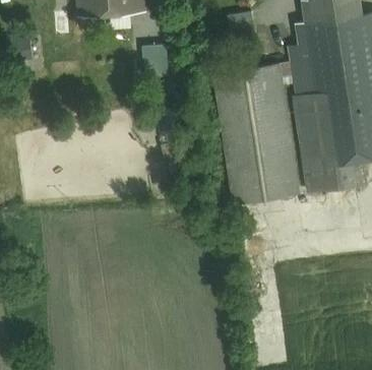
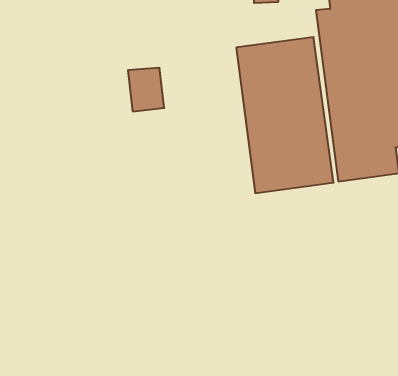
building: [141,49,173,86] -> [128,68,164,111]

